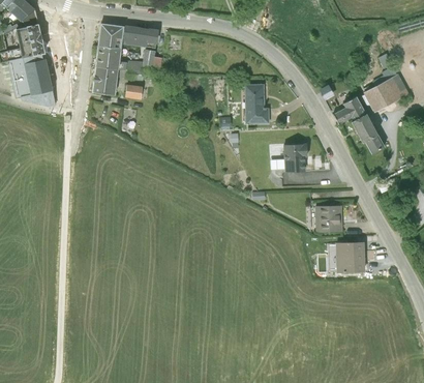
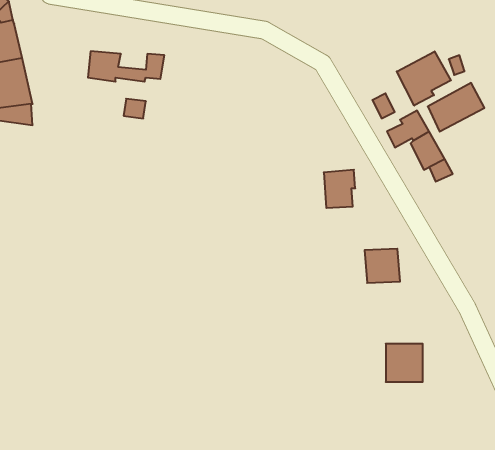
building: [99,26,158,51] -> none
building: none -> [397,51,451,106]
building: [93,69,119,98] -> none
building: [244,84,269,124] -> none
building: [335,241,364,271] -> [386,344,423,382]

